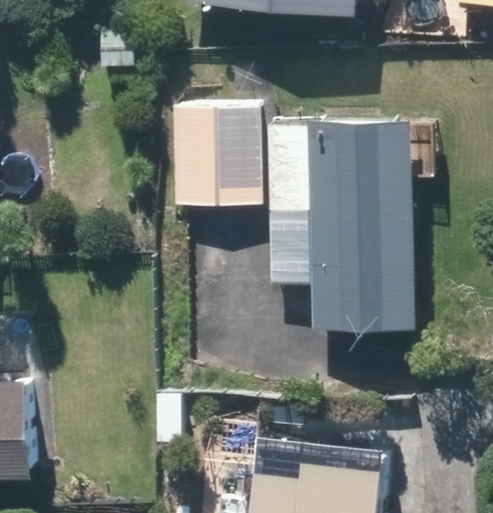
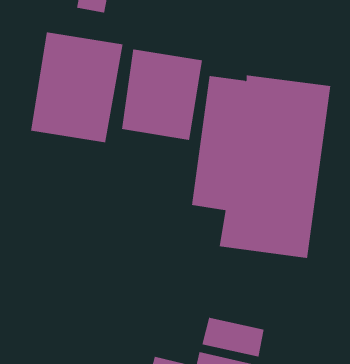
building: none -> [30,31,123,143]

